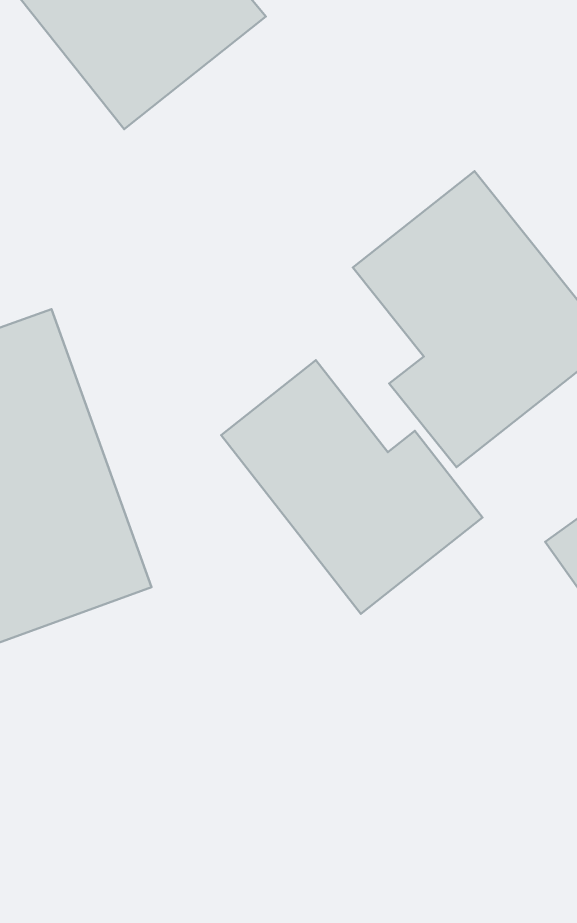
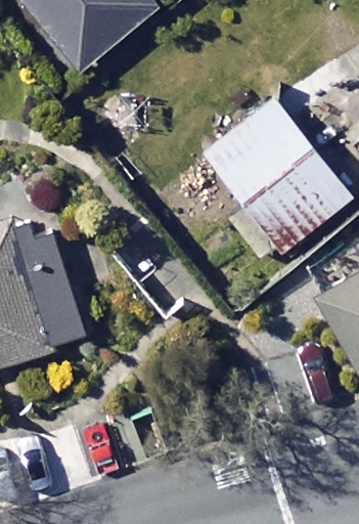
building: [221,360,482,614] -> none

